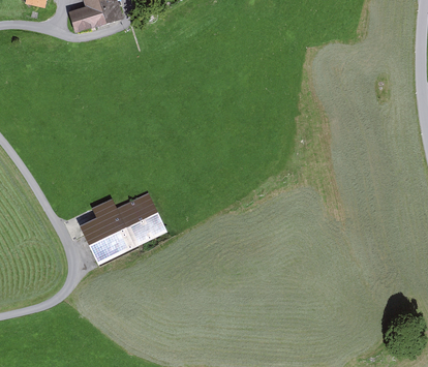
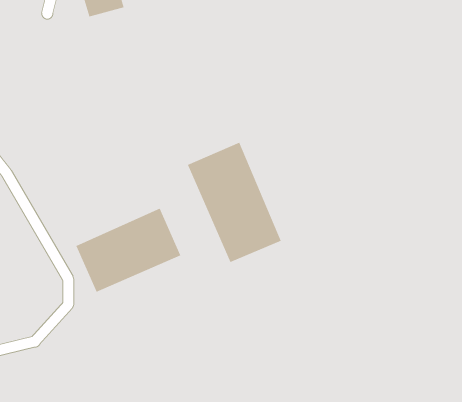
building: none -> [187,142,282,263]

